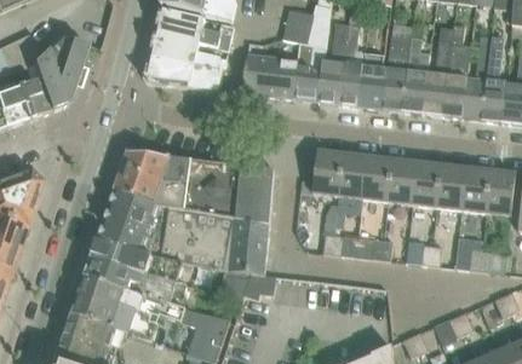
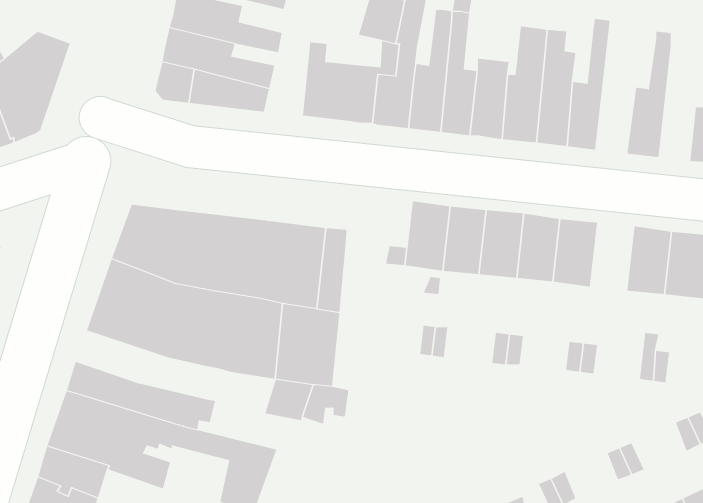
building: [442,24,472,117] -> none
building: [484,36,509,122] -> none
building: [438,163,467,209] -> none
building: [92,236,188,282] -> none

